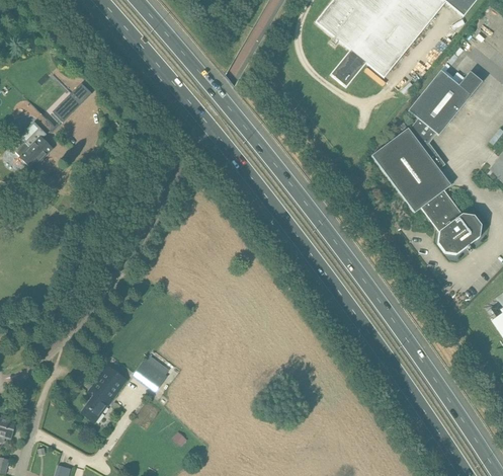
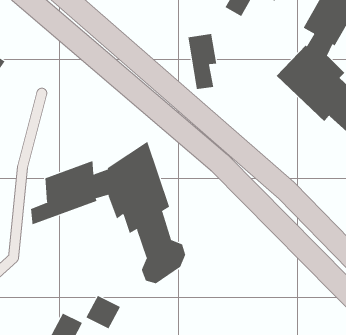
building: none -> [188,33,217,90]
building: none -> [31,141,186,284]

